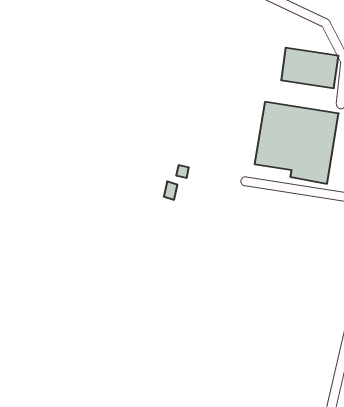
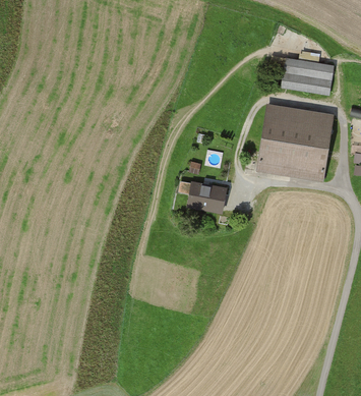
building: none -> [187,182,226,212]

